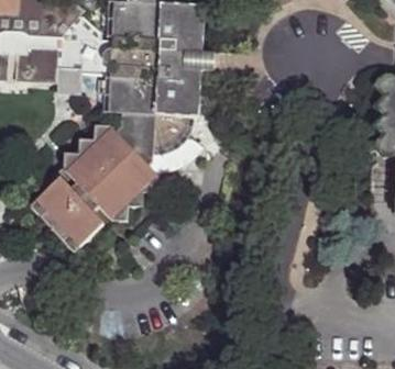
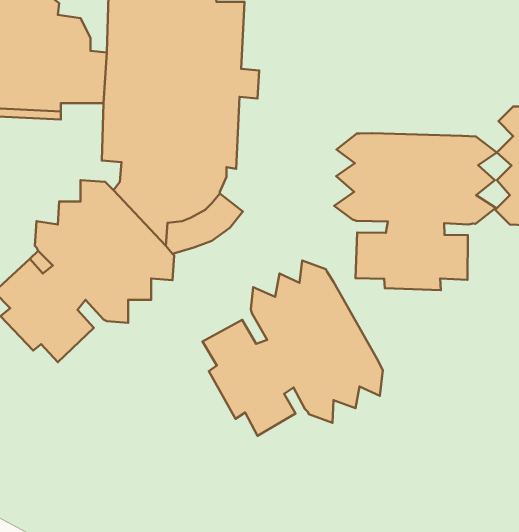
building: none -> [334,133,497,290]
building: none -> [203,261,383,436]

